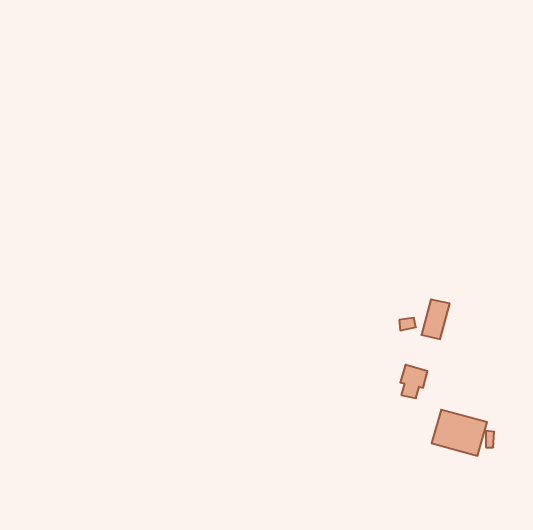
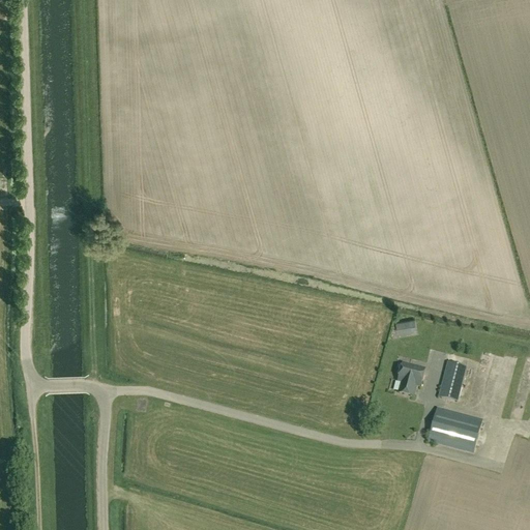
building: [421,299,450,339] -> [438,360,466,400]

